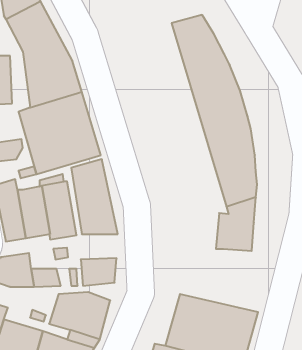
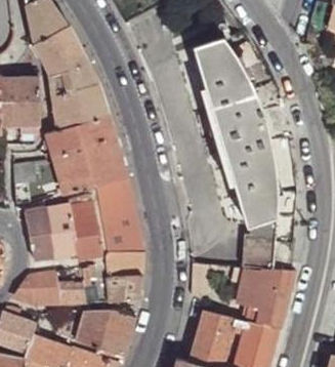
building: none -> [104,251,142,276]
building: none -> [237,266,293,327]

